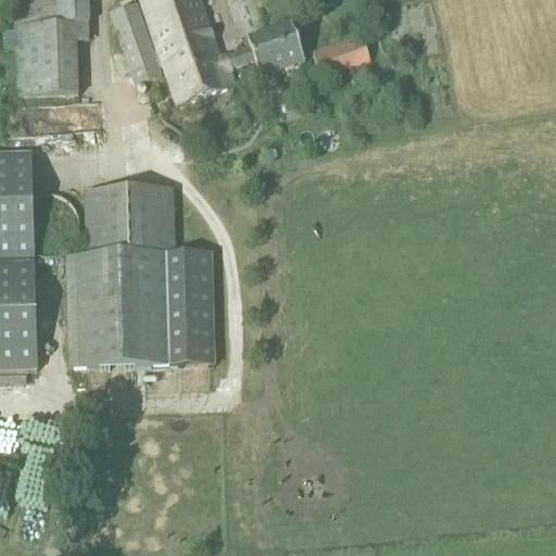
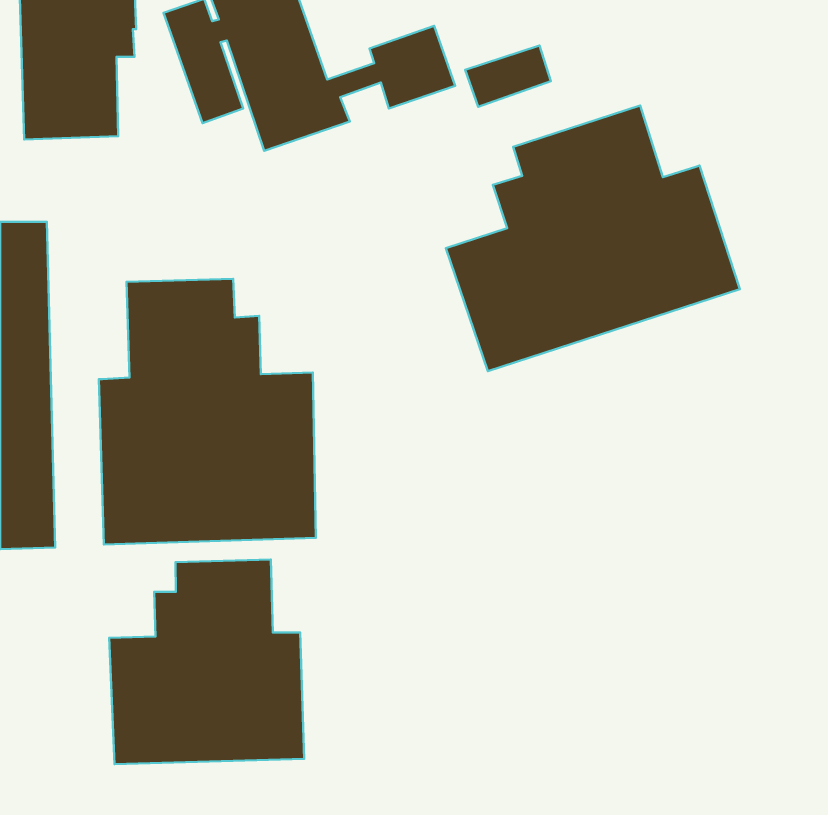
building: none -> [446,105,740,371]
building: none -> [109,559,304,764]

